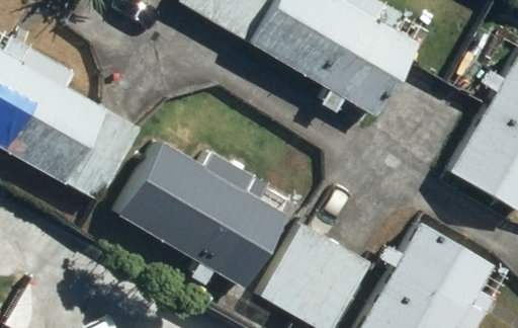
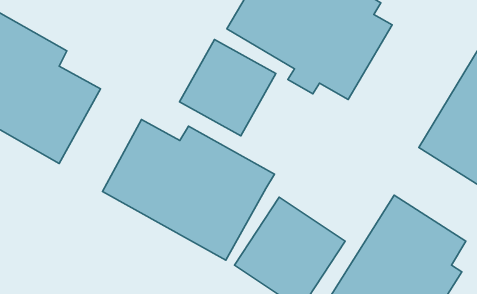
building: none -> [180,39,276,136]

